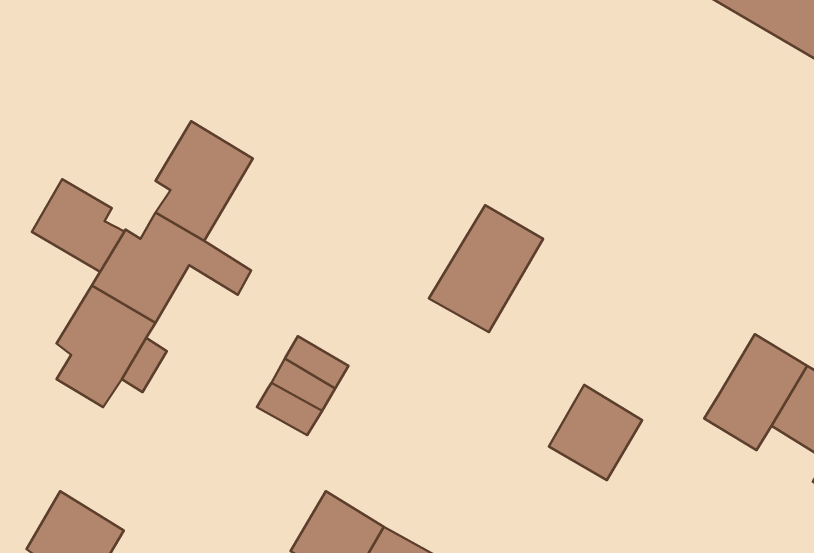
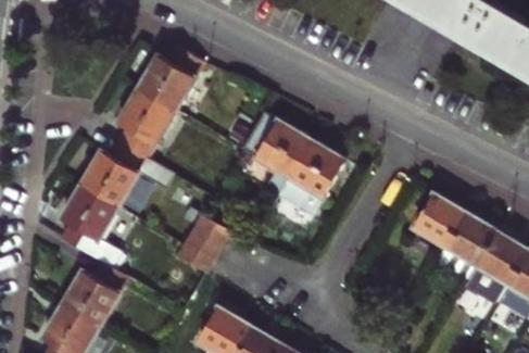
building: none -> [139,47,203,110]
building: none -> [241,109,310,191]
building: [32,179,124,272] -> none
building: [549,385,642,480] -> [412,191,466,247]
building: none -> [63,262,128,326]

